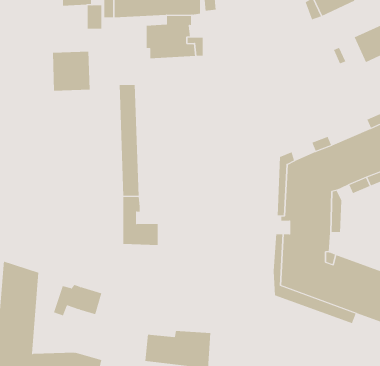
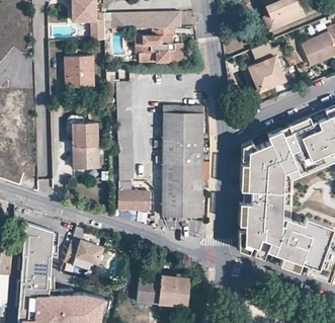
building: none -> [248,57,284,92]
building: none -> [164,105,204,222]
building: none -> [72,116,98,168]

